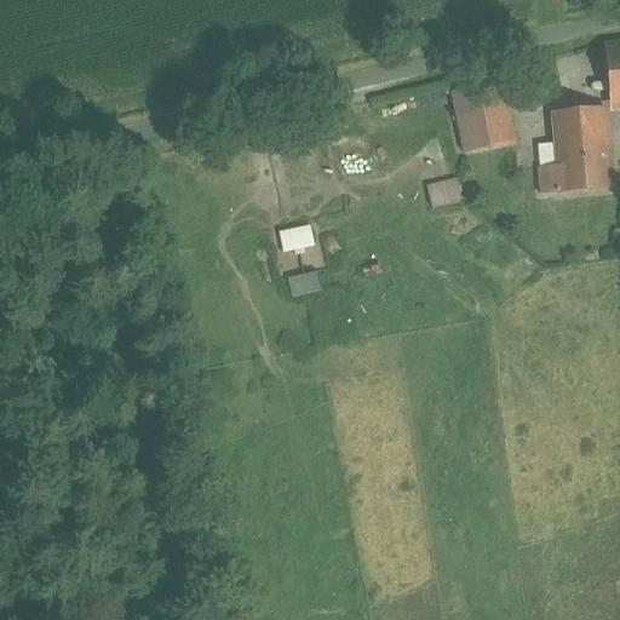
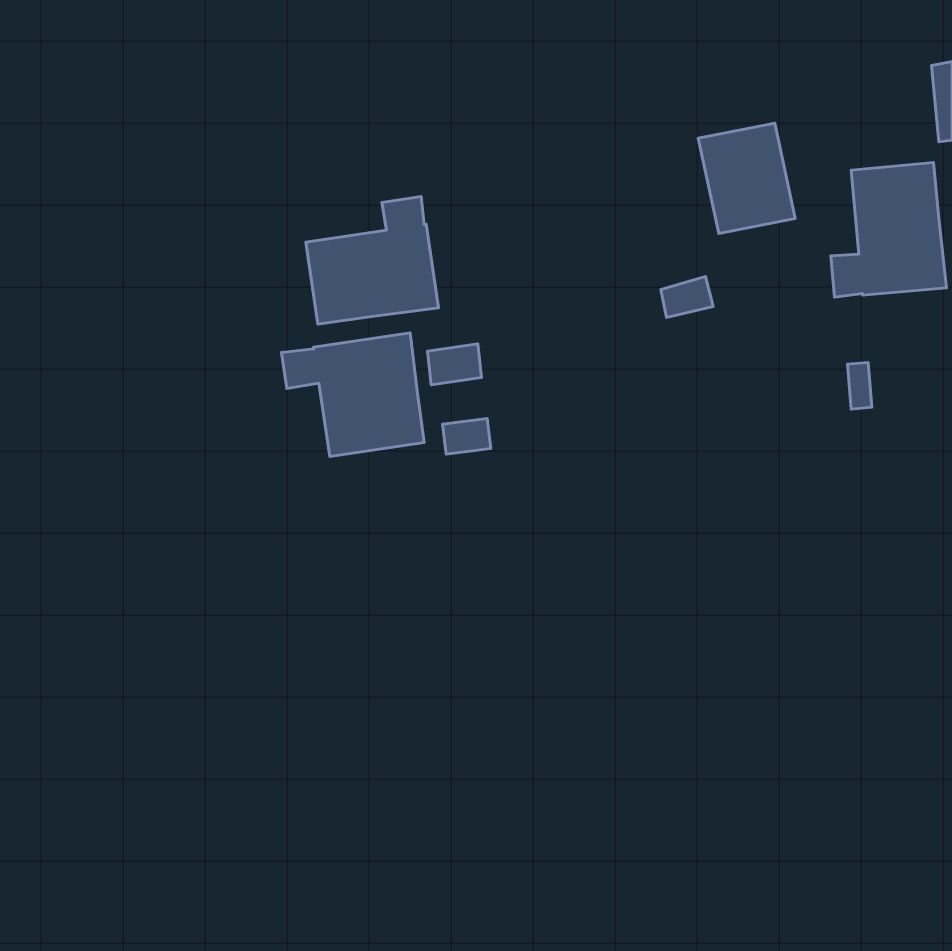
building: none -> [306,197,439,324]
building: none -> [281,333,424,456]

